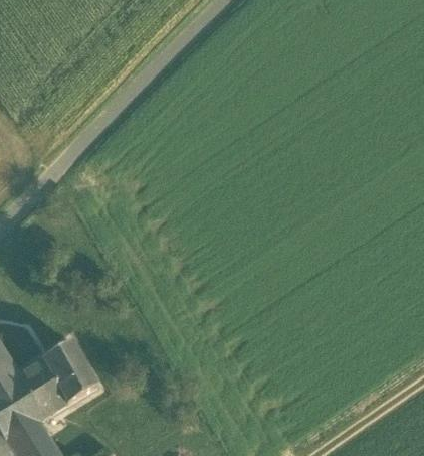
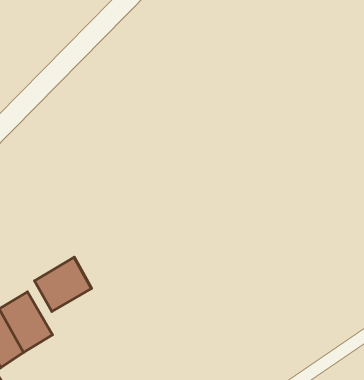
building: none -> [34,257,91,311]

